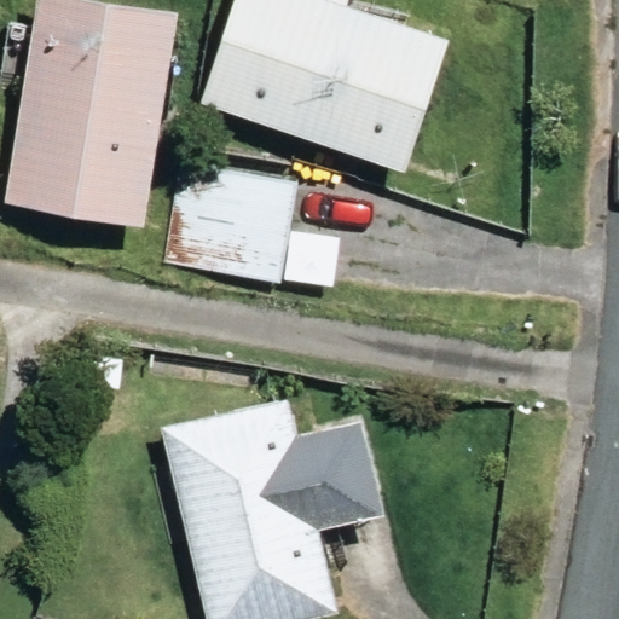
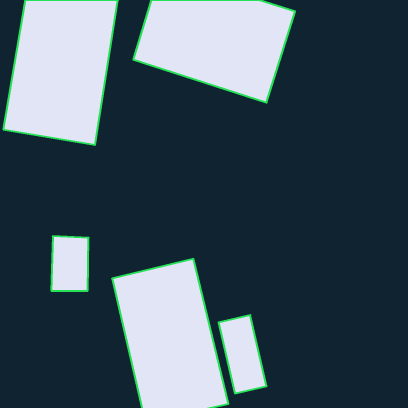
building: [175,164,300,282] -> none

